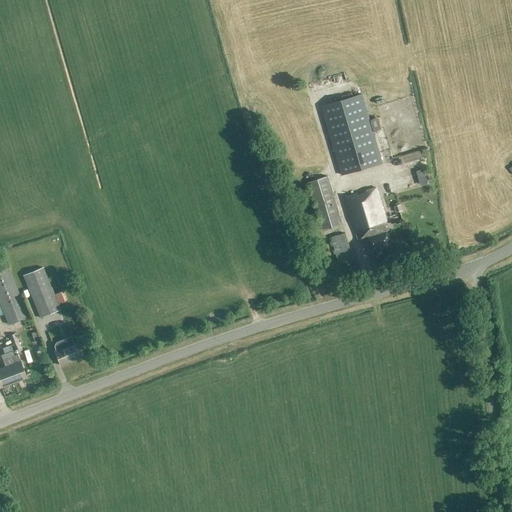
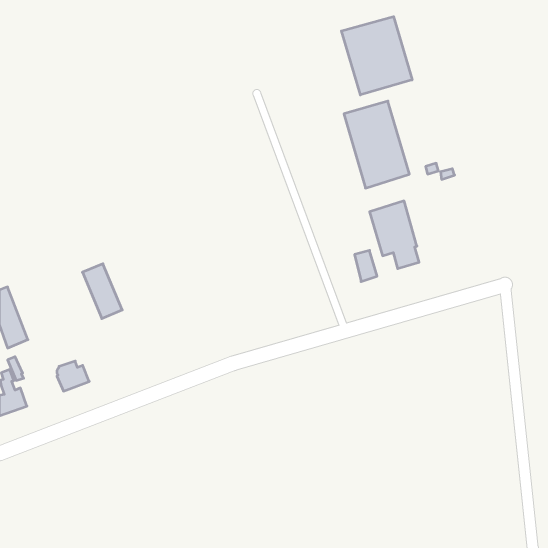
building: none -> [341,17,412,95]
building: [307,175,341,229] -> none
building: [22,266,59,317] -> [82,264,122,319]

